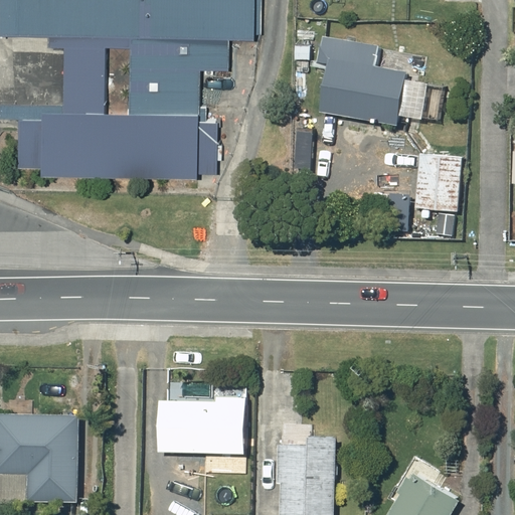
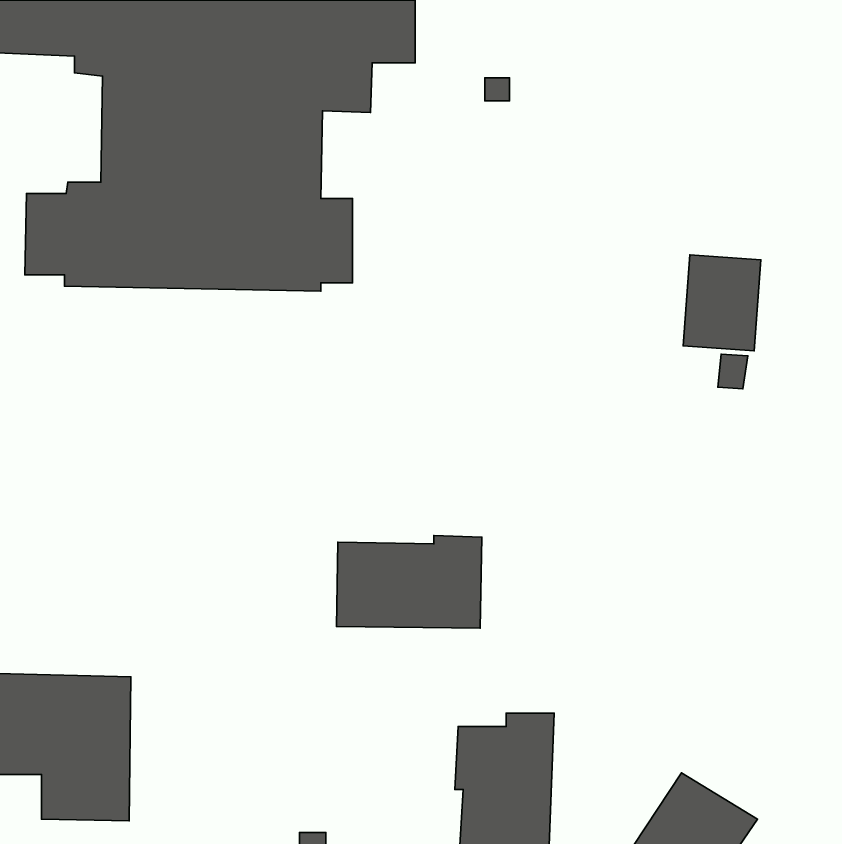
building: [317,38,407,129] -> none
building: [158,394,246,451] -> [336,535,482,628]

